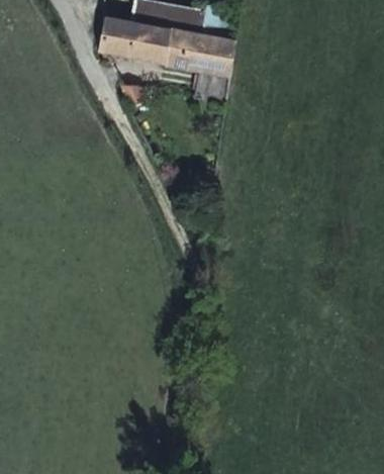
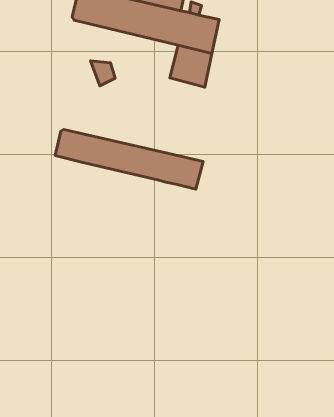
building: none -> [55,129,203,189]

